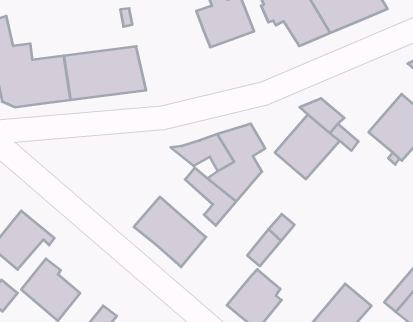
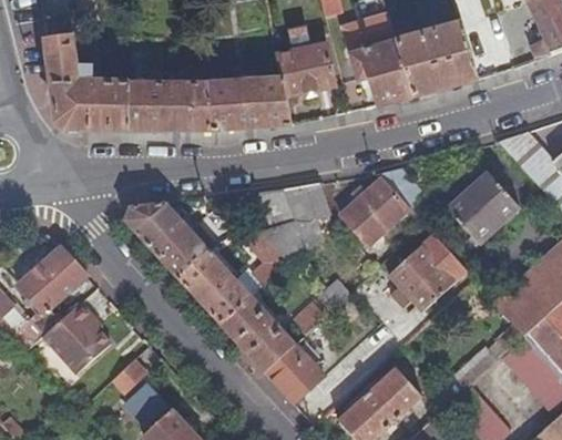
building: none -> [205,75,292,131]
building: none -> [394,236,469,313]
building: none -> [126,202,210,277]
building: none -> [223,298,298,375]

